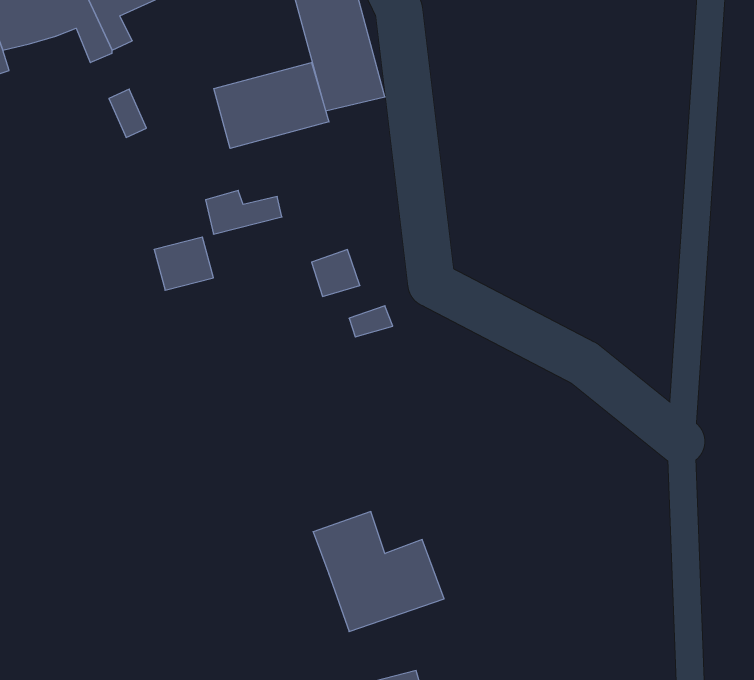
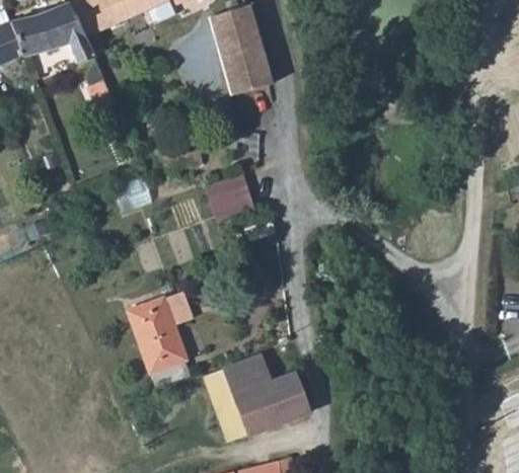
building: [214,63,329,148] -> none
building: none -> [128,296,188,388]
building: none -> [212,395,246,440]

